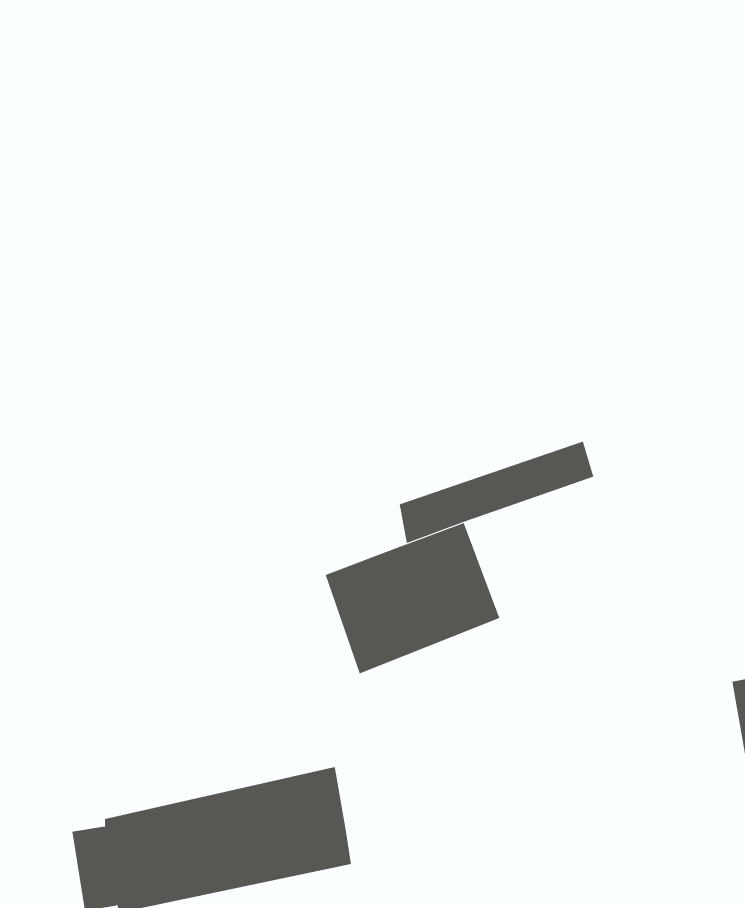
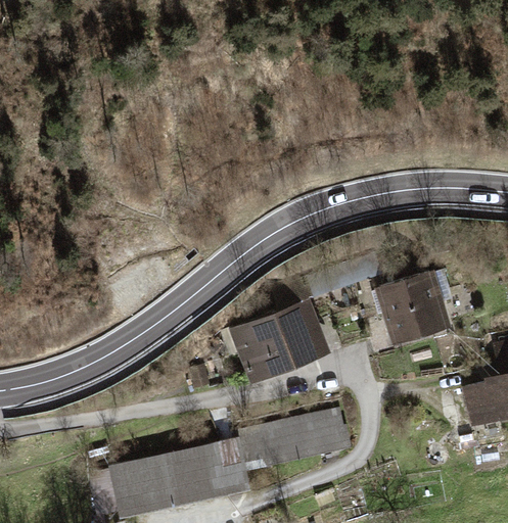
building: none -> [376,273,450,346]
building: none -> [236,408,351,472]

